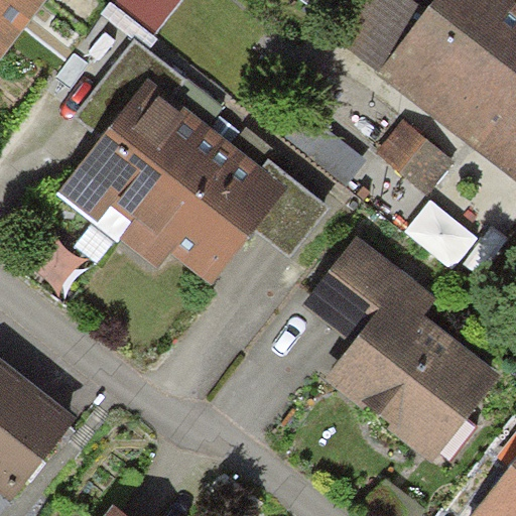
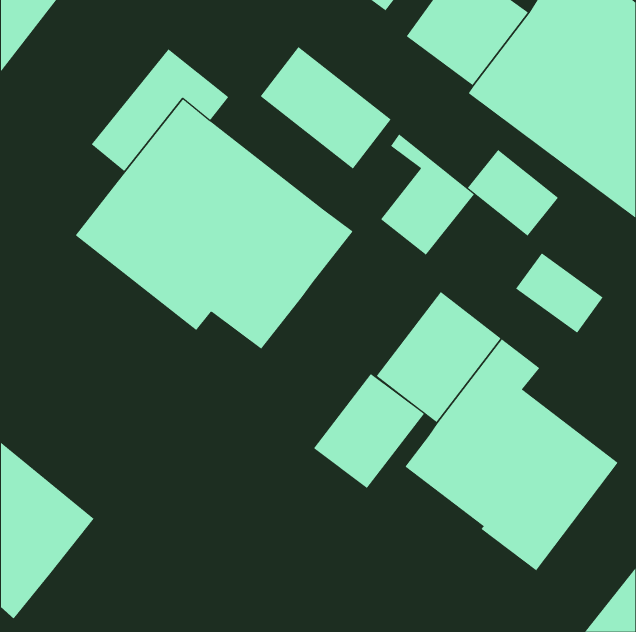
building: none -> [260,46,391,169]
building: [254,159,331,258] -> [380,133,475,255]
building: none -> [313,373,425,489]

